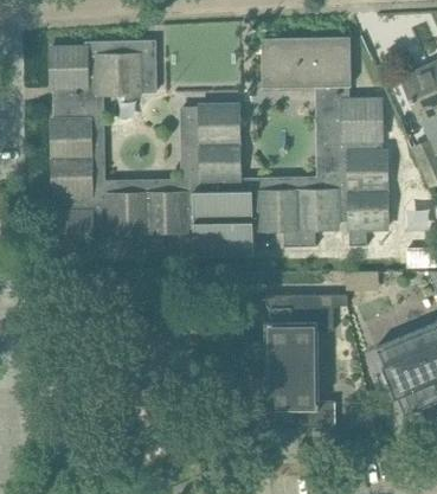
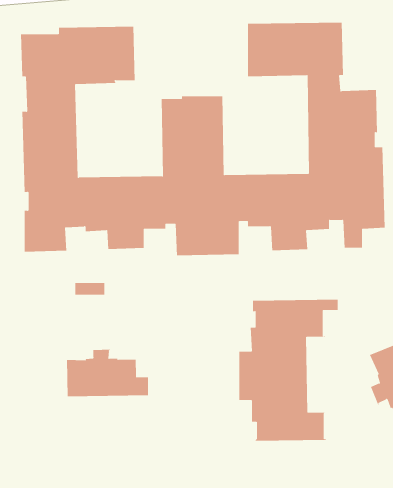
building: none -> [67,349,149,397]

